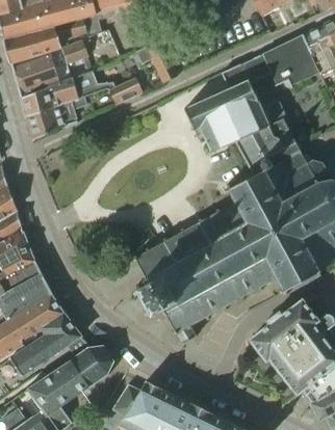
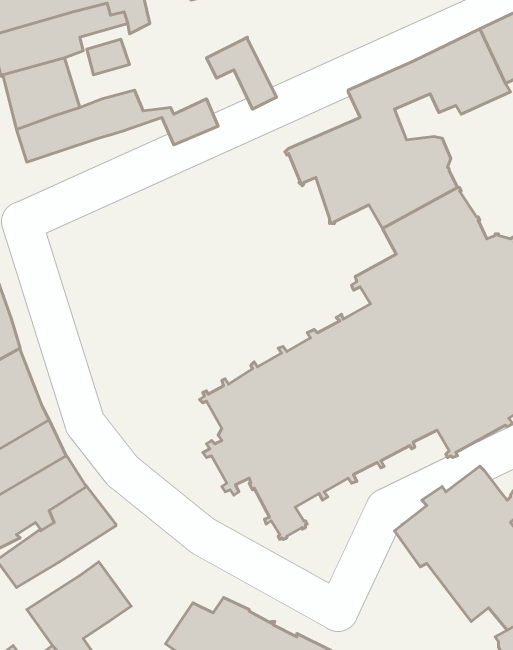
building: [26,97,86,140] -> none
building: [70,344,117,385] -> none

